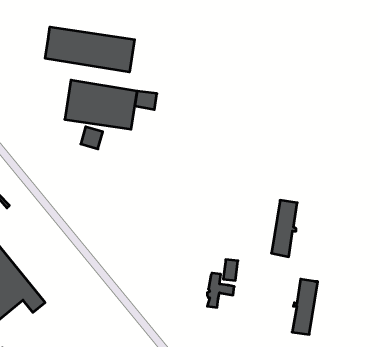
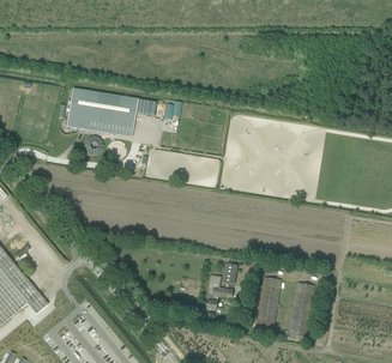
building: [45,27,135,72] -> none
building: [271,200,297,257] -> [255,276,281,331]

